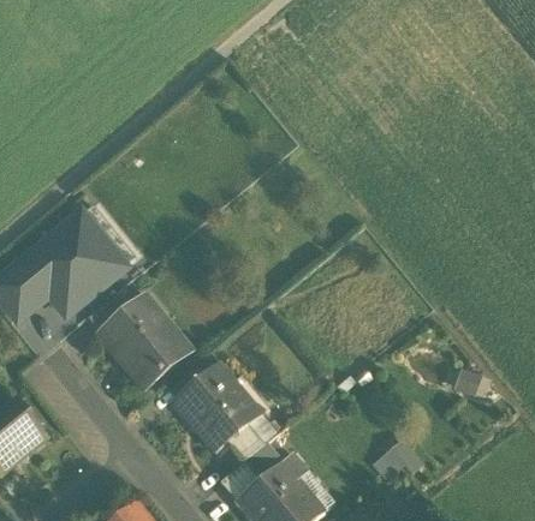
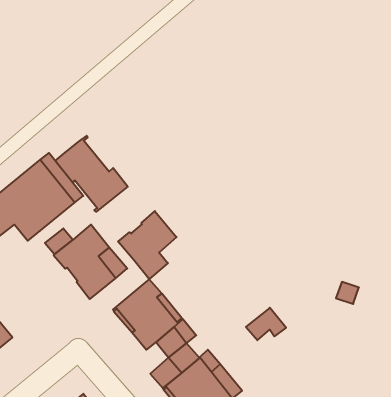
building: none -> [55,136,128,212]
building: none -> [118,211,177,279]
building: [370,438,421,479] -> [246,308,286,340]

